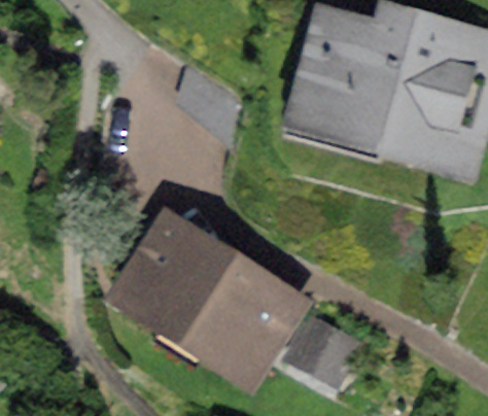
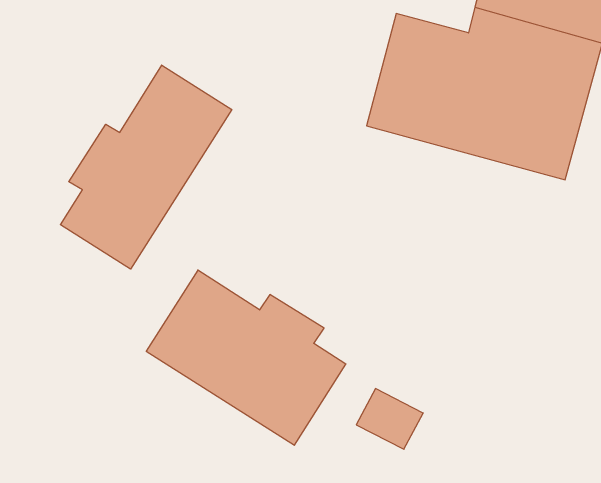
building: none -> [60,65,232,269]

